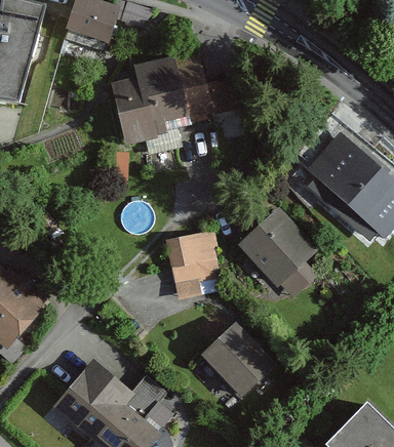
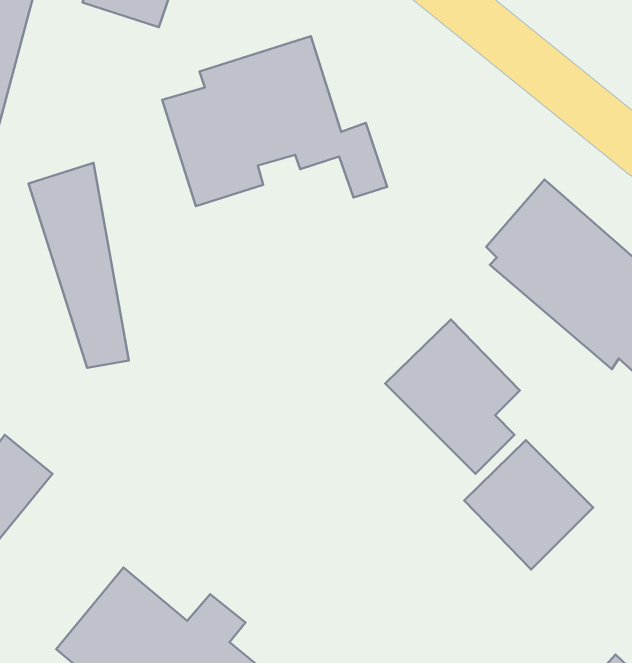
building: none -> [29,163,129,368]
building: [167,236,219,299] -> none
building: [205,327,280,402] -> [464,440,593,570]

